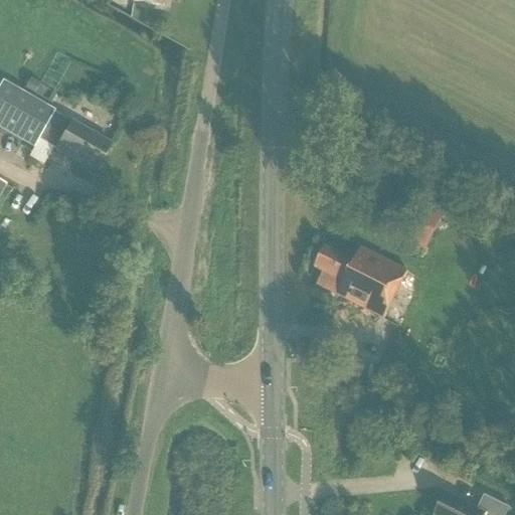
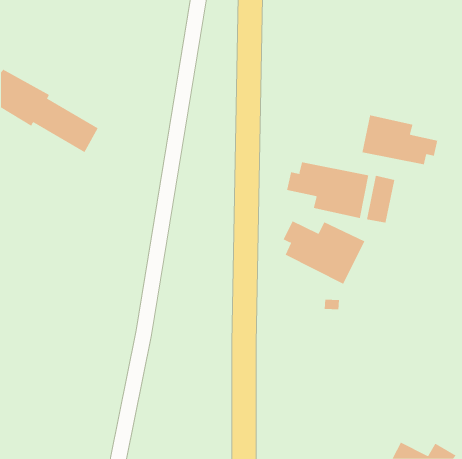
building: none -> [362,115,438,165]
building: none -> [286,162,369,219]

